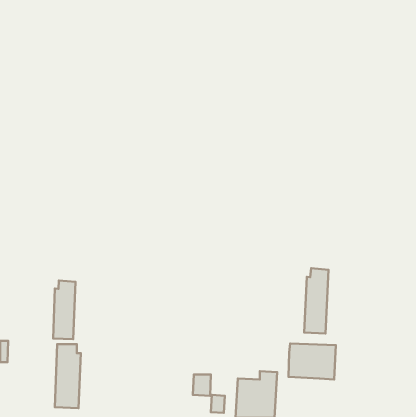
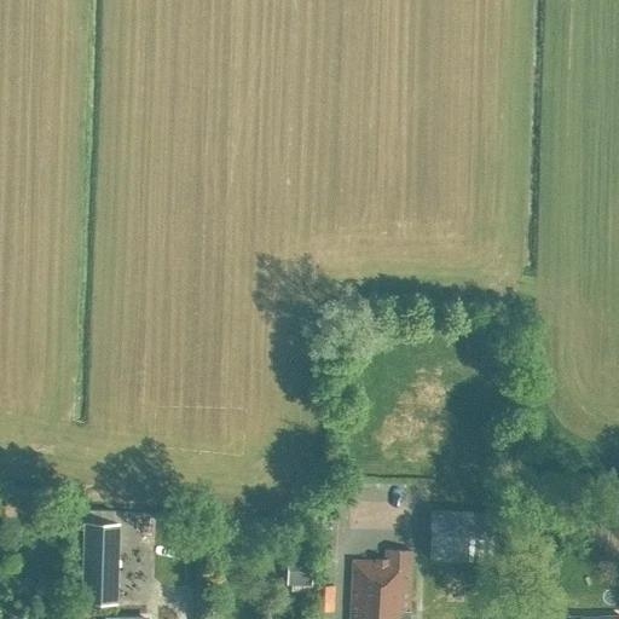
building: [304,268,328,334] -> none
building: [53,281,76,339] -> none

